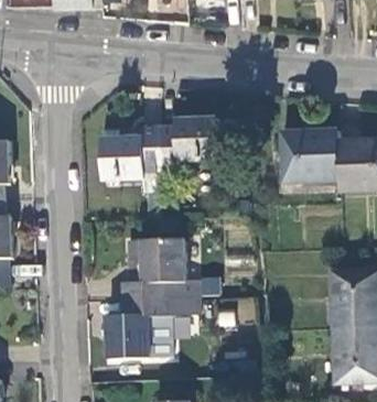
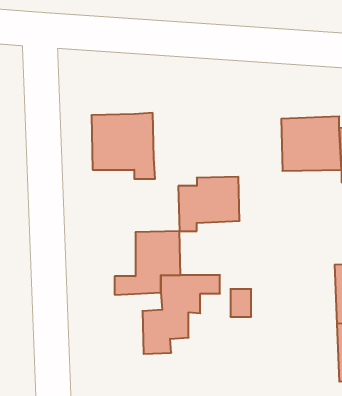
building: [159,118,217,170] -> [178,177,240,231]
building: [106,297,168,357] -> none

